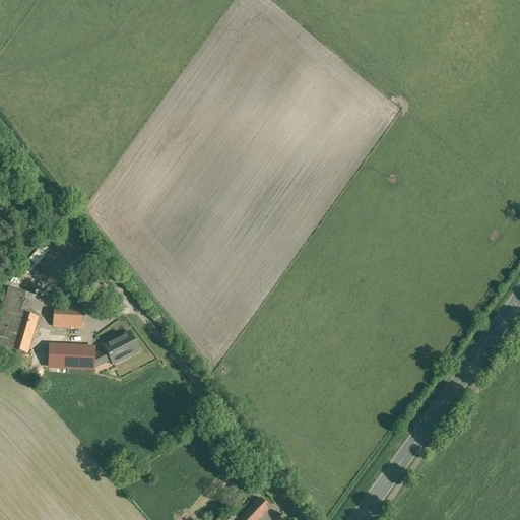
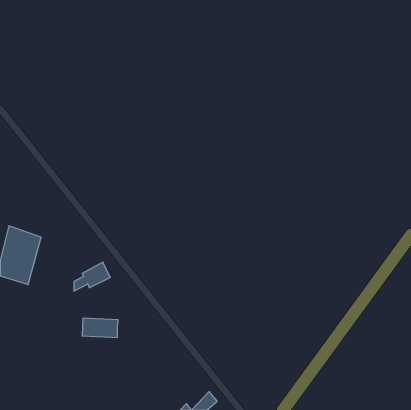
building: [53,306,85,327] -> none
building: [49,344,94,369] -> [82,318,118,338]

